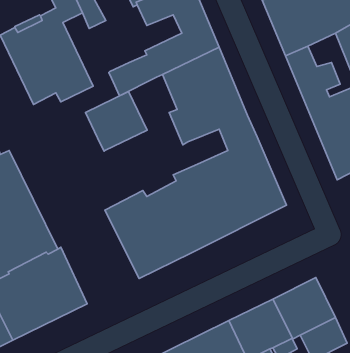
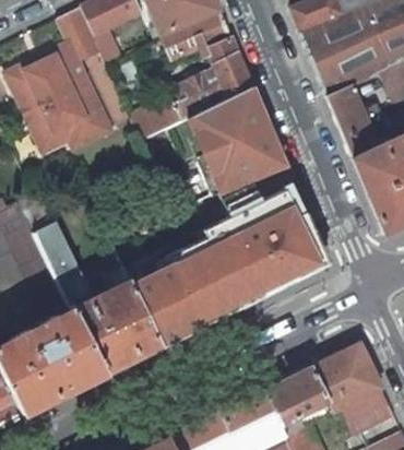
building: [85,91,147,151] -> none
building: none -> [217,178,262,217]
building: none -> [17,191,163,374]

